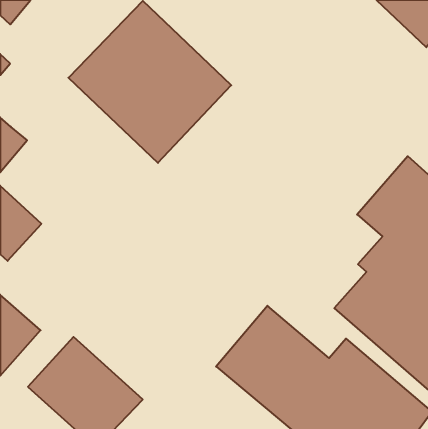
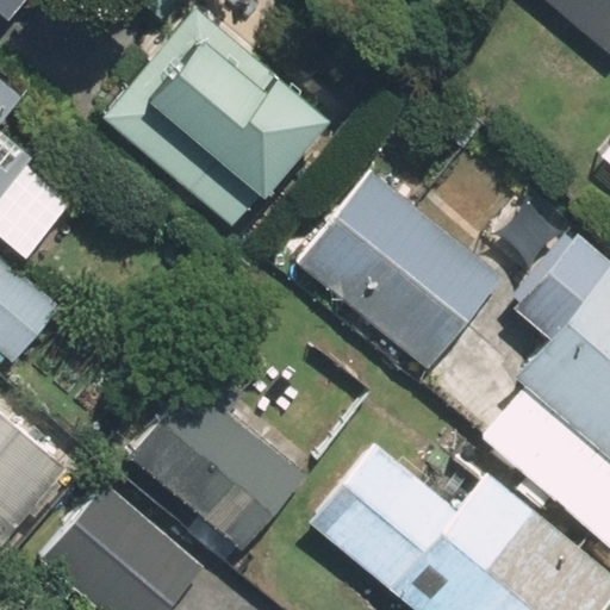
building: none -> [301,181,490,373]
building: none -> [127,374,315,555]

